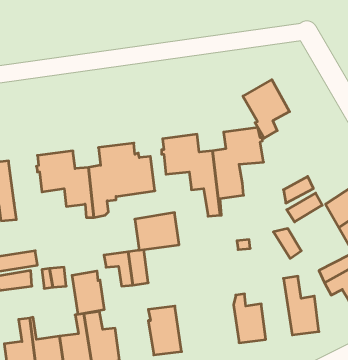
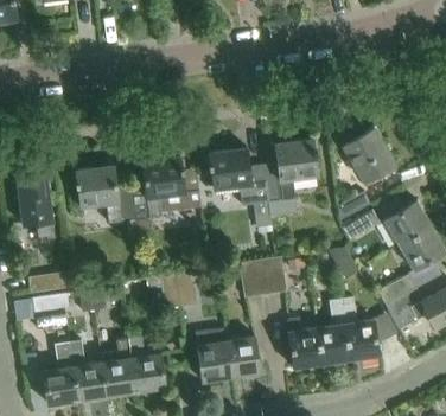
building: [243,80,290,138] -> [345,129,395,192]
building: [135,213,179,250] -> [240,257,287,297]
building: [72,271,104,314] -> none
building: none -> [316,301,349,366]
building: none -> [223,331,259,379]

